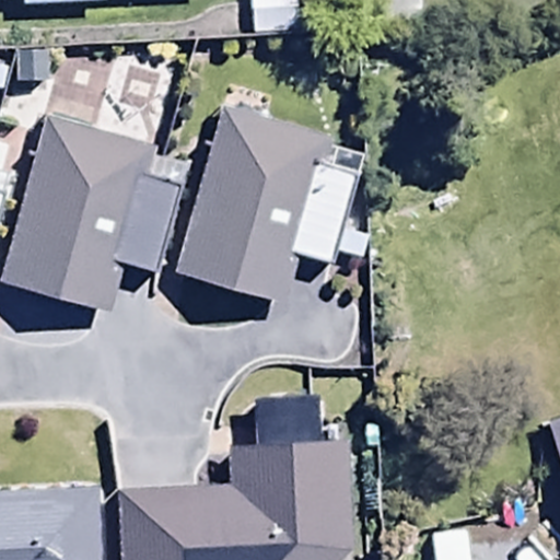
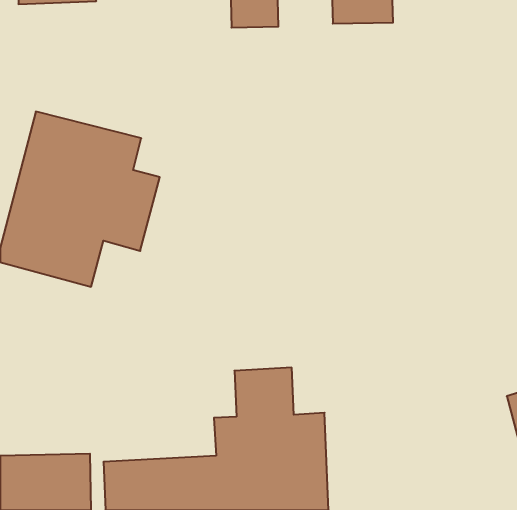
building: [173,105,359,300] -> none

